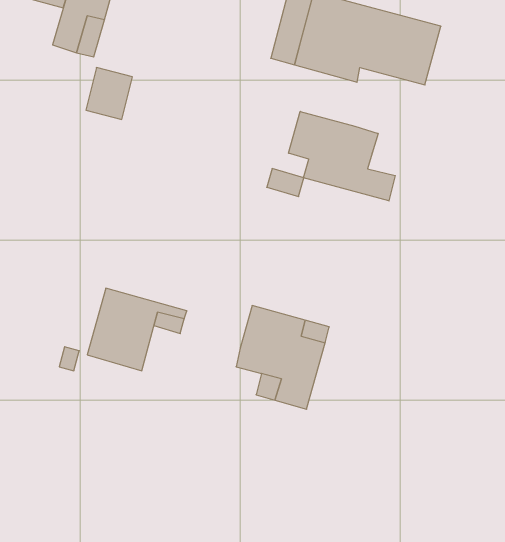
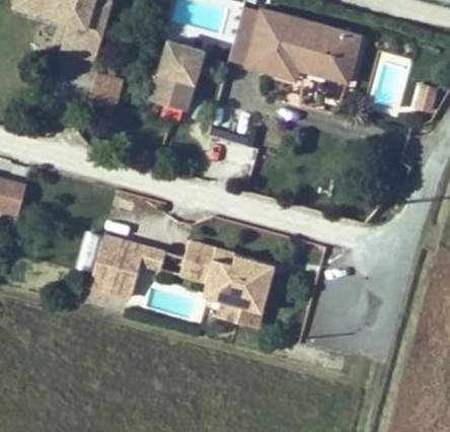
building: none -> [152,41,204,109]
building: [289,111,395,201] -> none
building: none -> [180,241,216,281]

